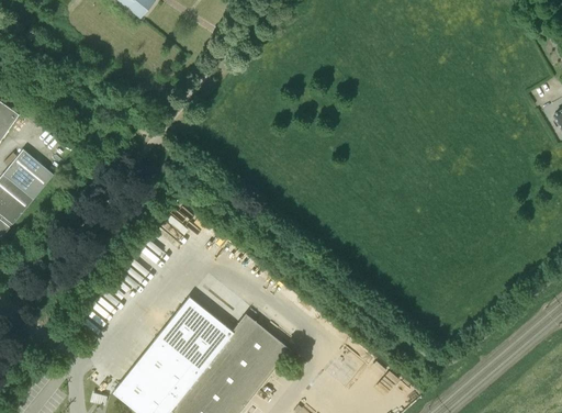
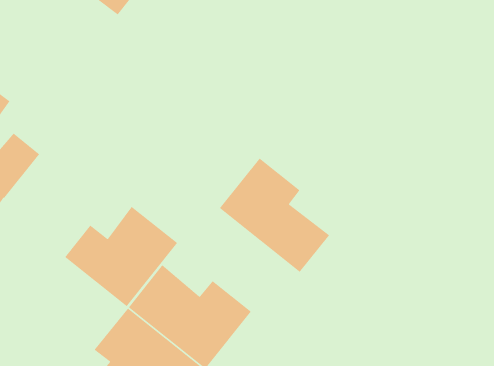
building: none -> [219,157,330,273]
building: none -> [64,206,178,307]

